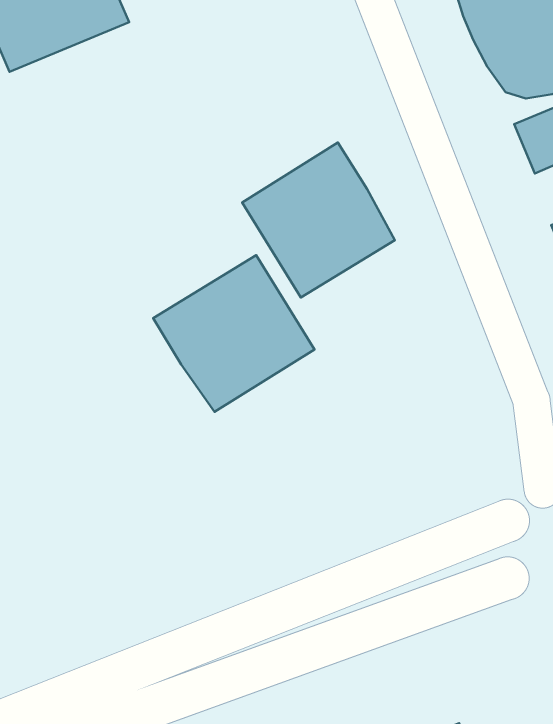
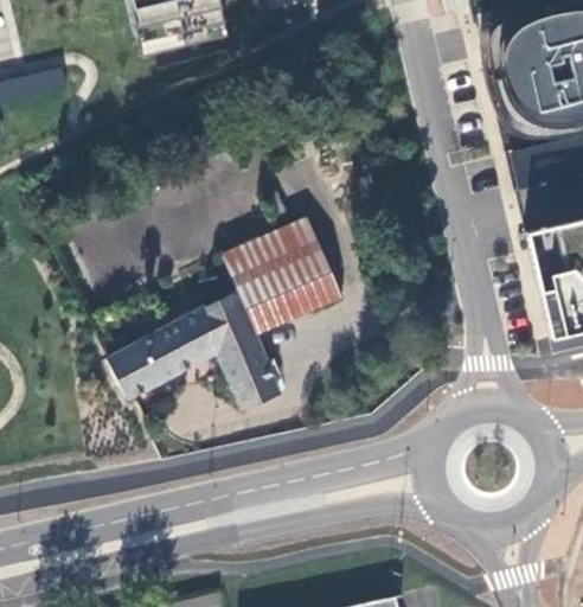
building: [242,143,395,298] -> none
building: none -> [116,293,286,409]

